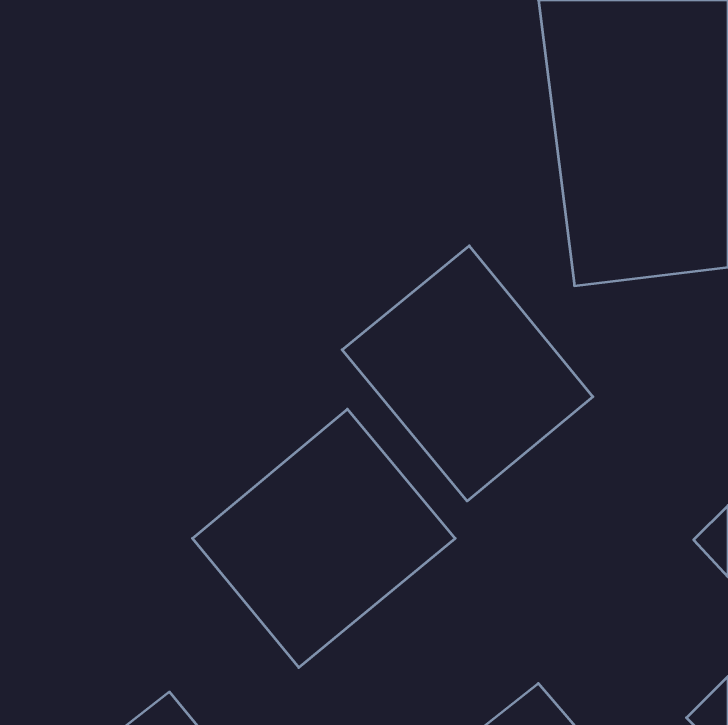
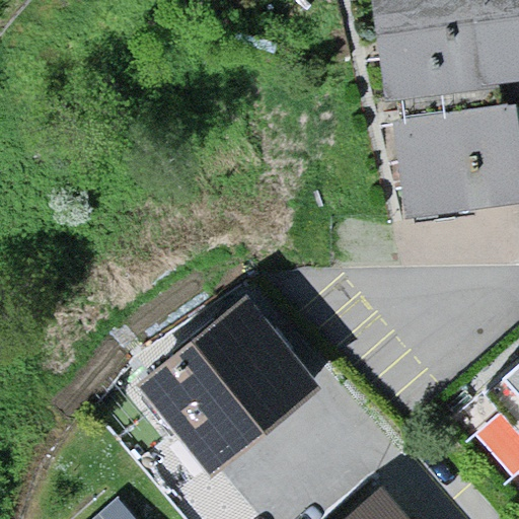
building: [342,246,593,501] -> none

